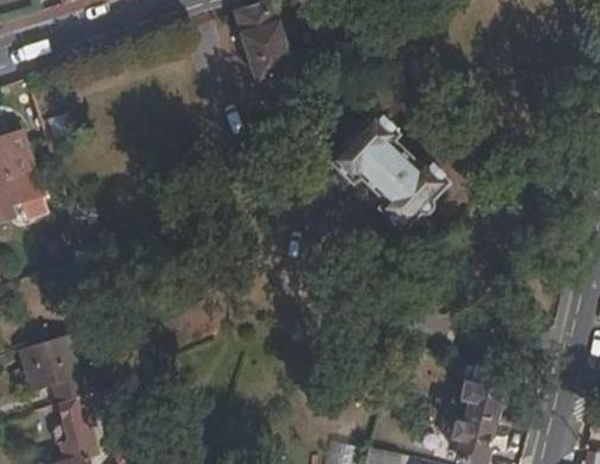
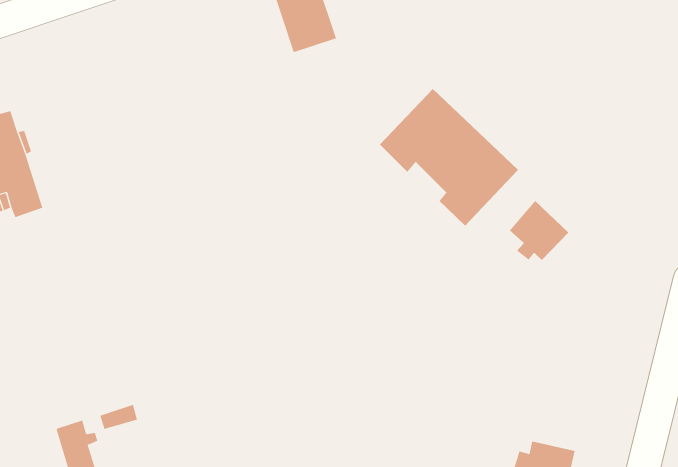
building: none -> [509,200,569,261]
building: [19,335,85,402] -> none
building: [452,366,508,421] -> none

